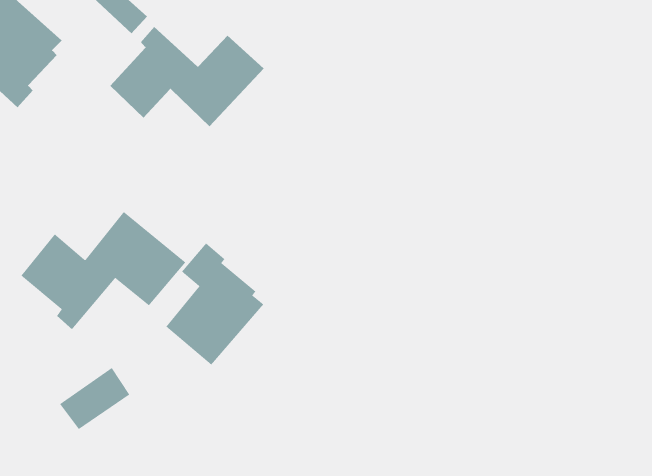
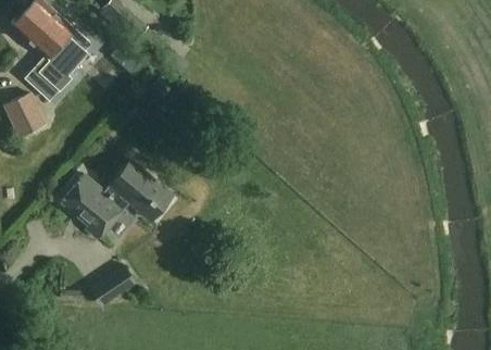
building: [110,26,265,127] -> none
building: [165,242,264,366] -> none

